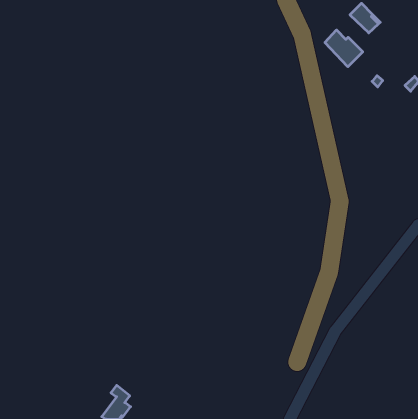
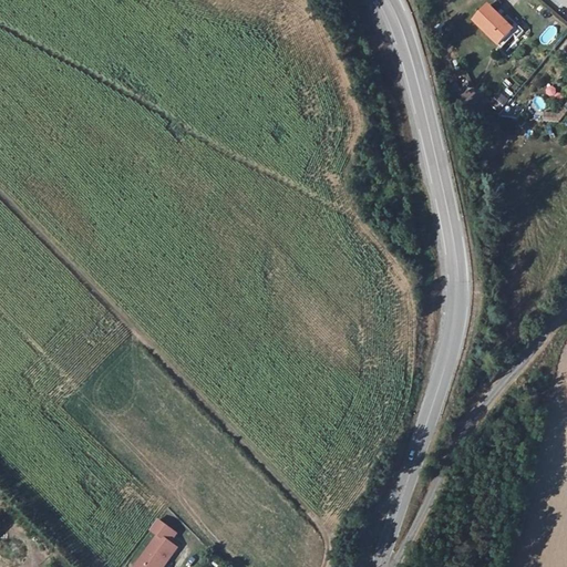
building: [325,30,363,67] -> none

